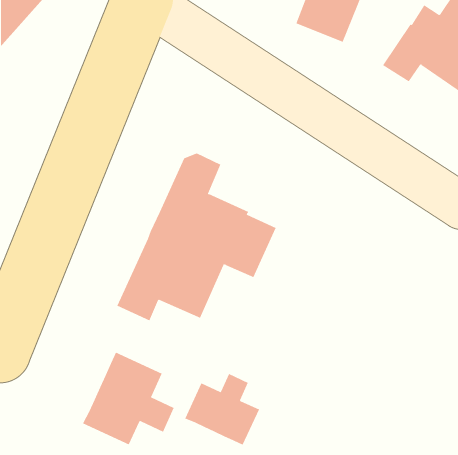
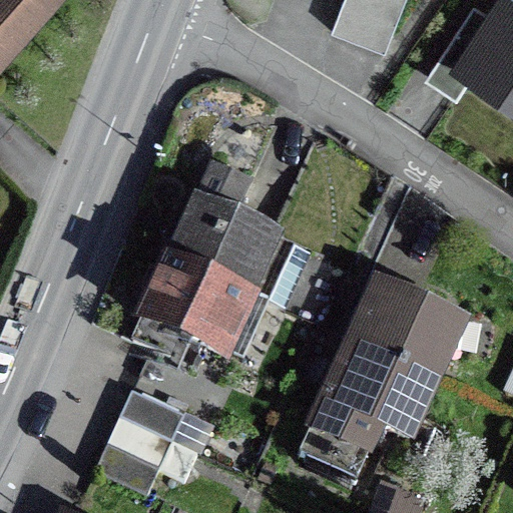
building: none -> [307,286,461,479]
building: [184,373,260,446] -> none

